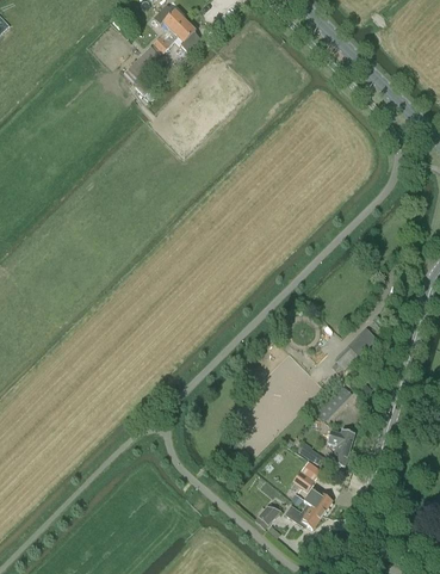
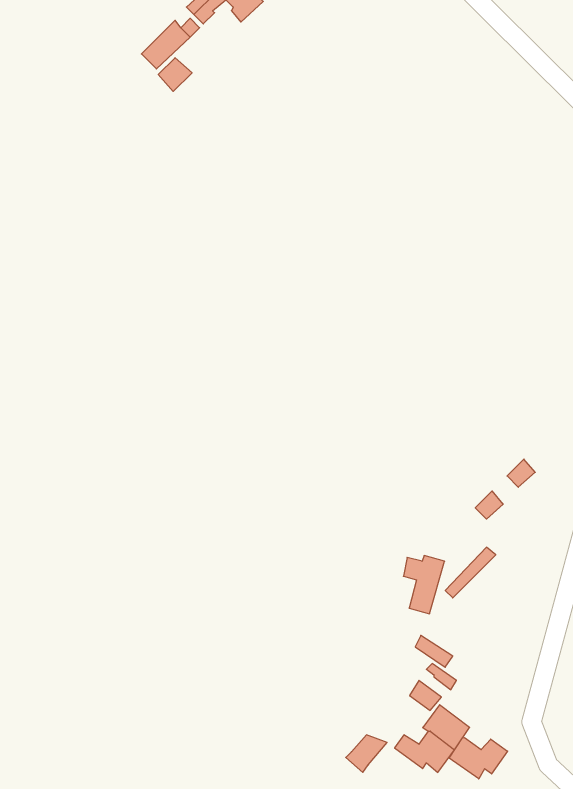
building: [328,428,354,465] -> [403,556,445,614]
building: none -> [449,738,508,779]

